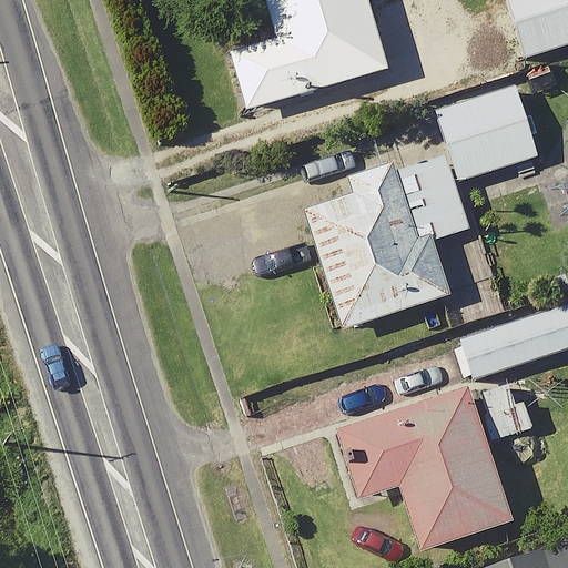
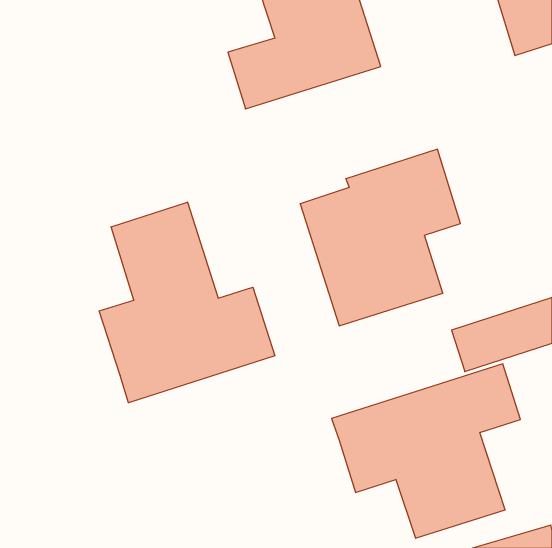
building: [434,84,536,175] -> none
building: none -> [99,202,275,403]

